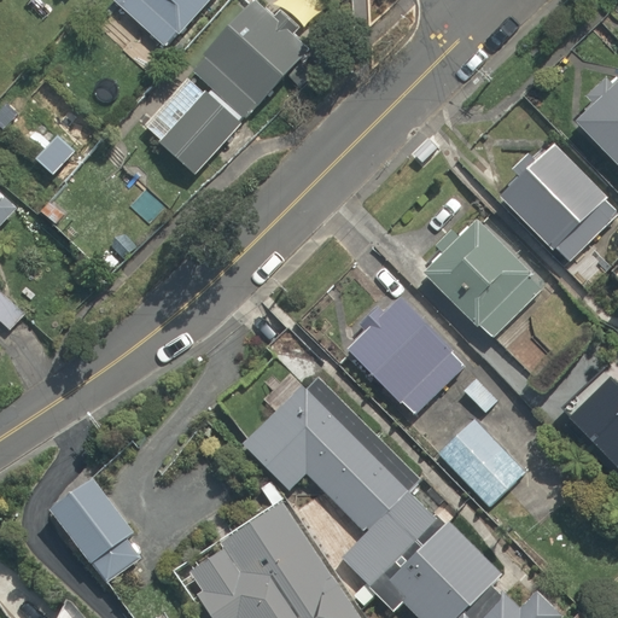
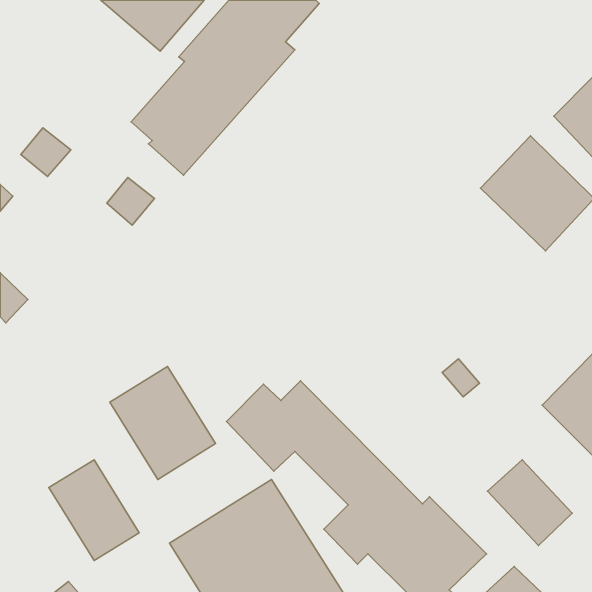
building: [426,217,543,334] -> none
building: [348,293,468,416] -> none
building: none -> [110,366,215,480]
building: [437,415,525,505] -> [487,460,572,546]

